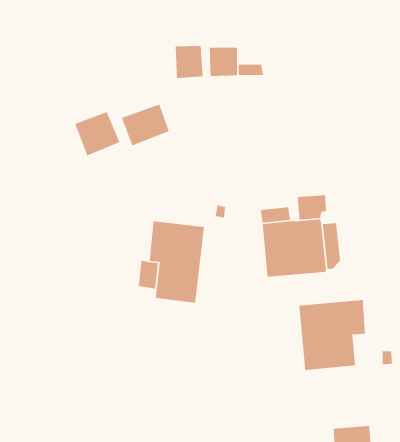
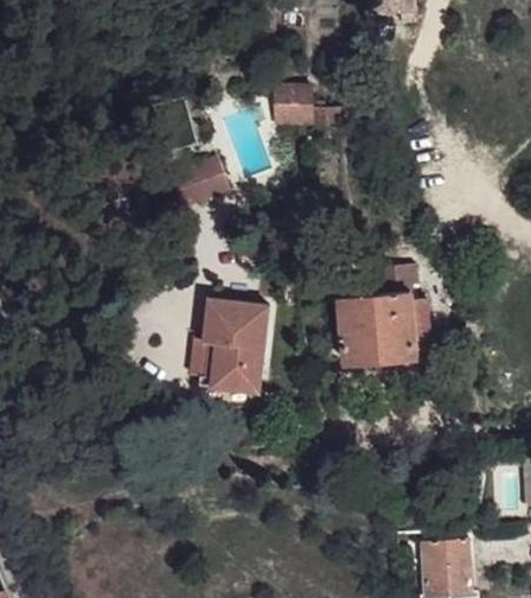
building: [175,45,203,79] -> none
building: [74,111,120,156] -> none
building: [298,299,366,371] -> none

